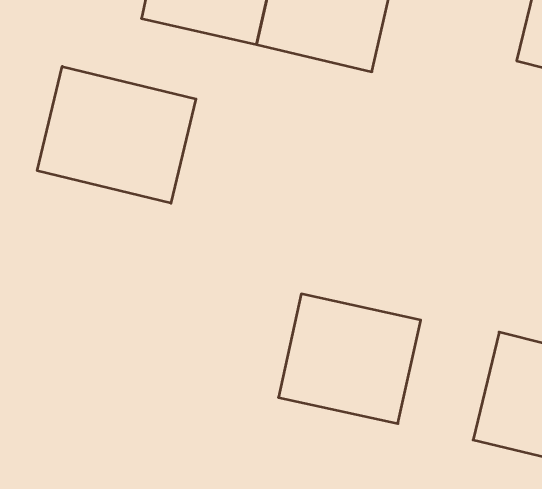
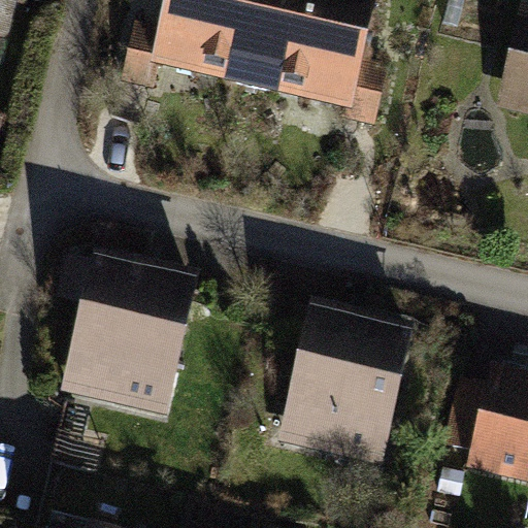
building: [37,66,196,203] -> none
building: none -> [64,273,193,395]

